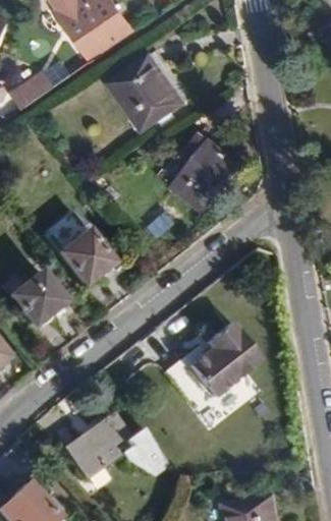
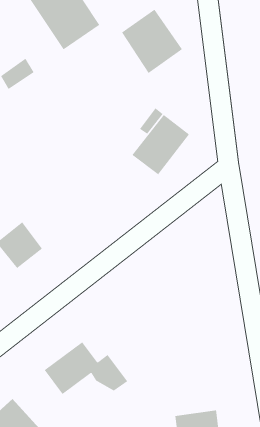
building: [108,54,182,132] -> [121,9,183,74]
building: [42,211,111,285] -> none
building: [184,321,260,401] -> none

